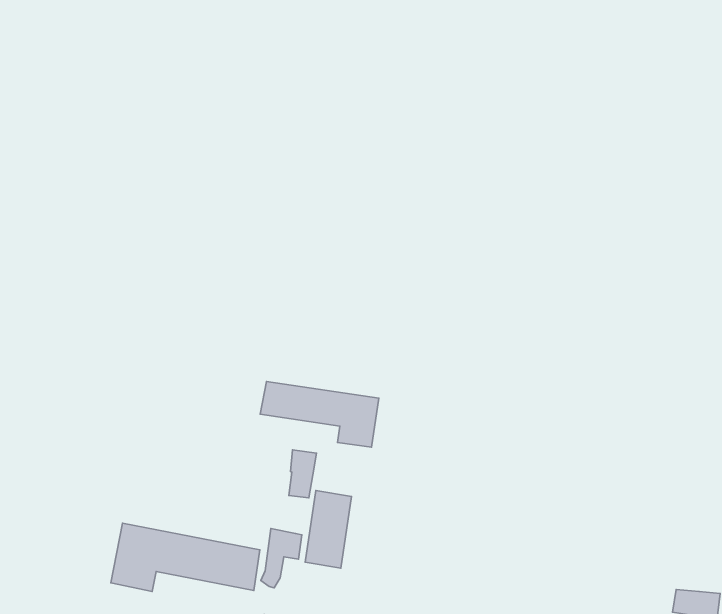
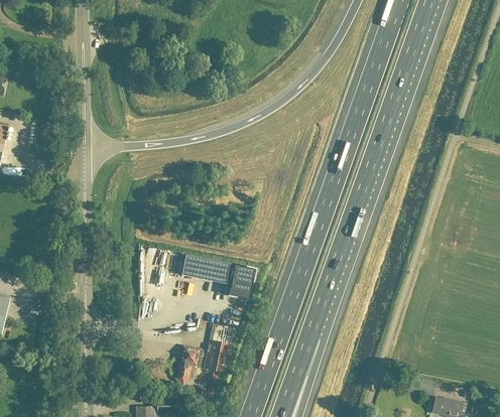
building: [289,450,316,498] -> none
building: [111,523,260,591] -> none

